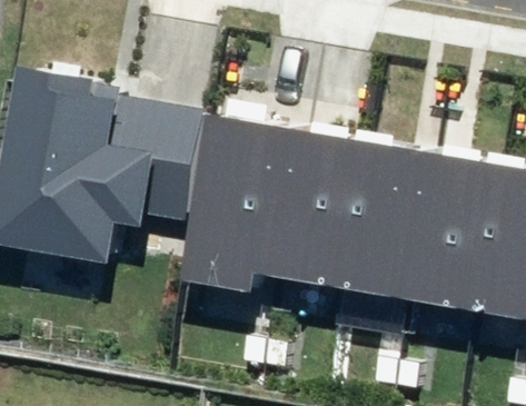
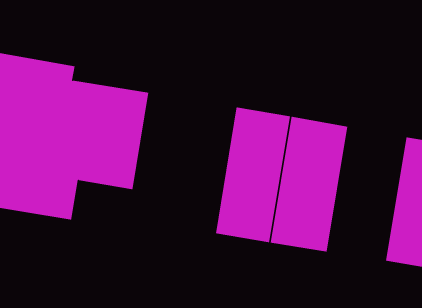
building: [196,117,301,297] -> none
building: [409,152,502,310] -> none

